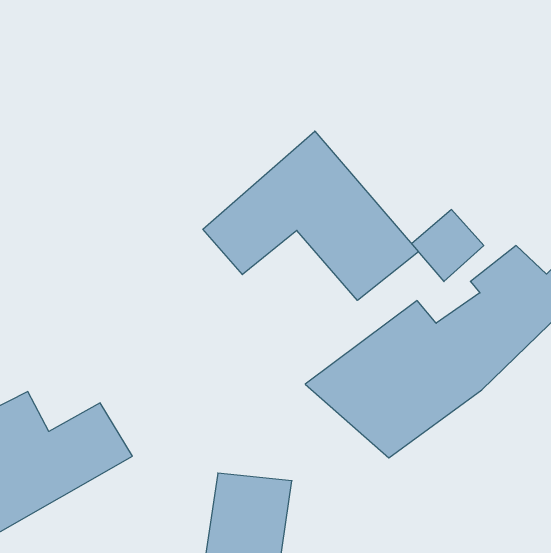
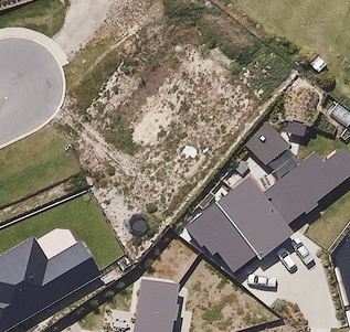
building: [203,131,418,300] -> none

